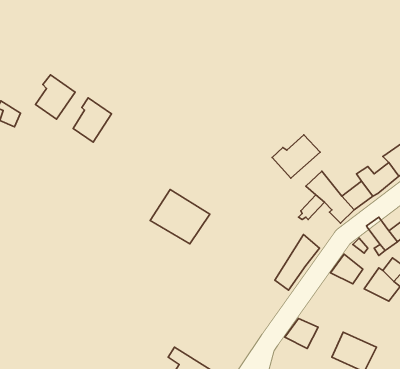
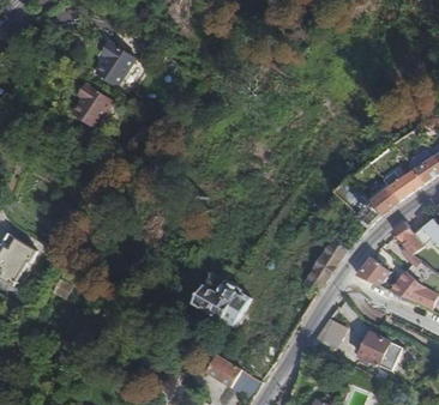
building: [73,98,112,142] -> [97,42,134,85]
building: [272,135,320,178] -> none
building: [150,189,210,244] -> [192,272,249,325]

